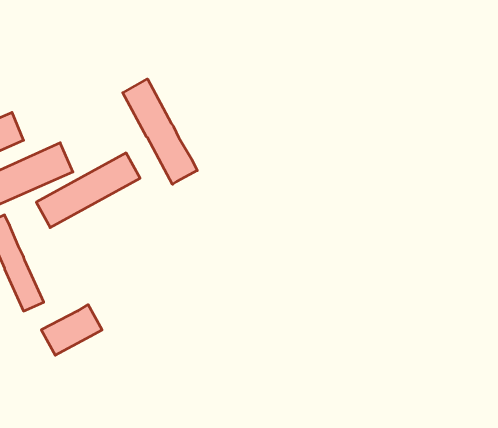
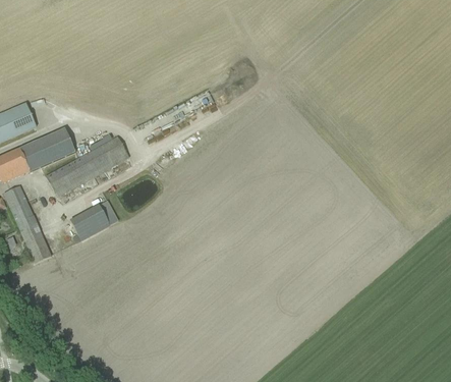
building: [123,79,197,184] -> none
building: [41,305,102,355] -> [69,200,118,240]

